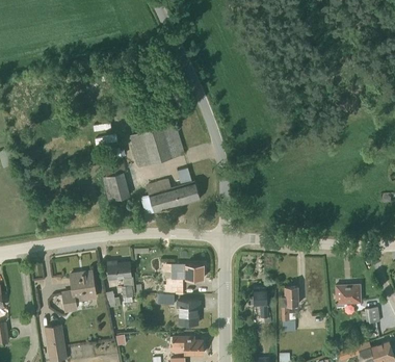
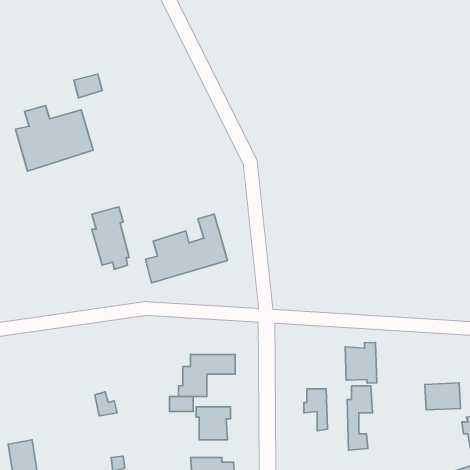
building: [129,121,183,166] -> [16,105,93,171]
building: none -> [345,343,377,383]
building: [107,261,134,303] -> none
building: [61,270,96,311] -> none

